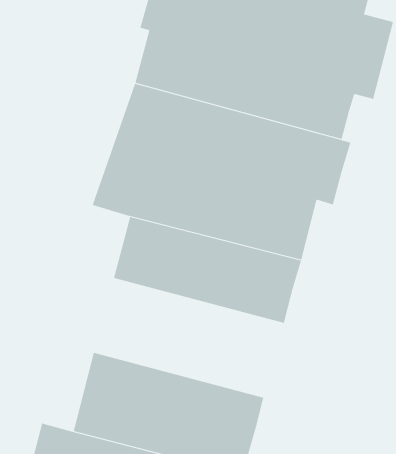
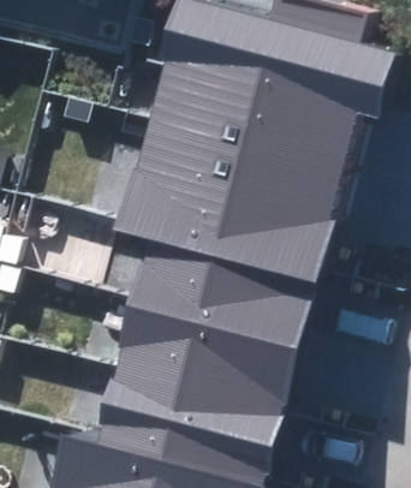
building: none -> [112,300,294,415]

